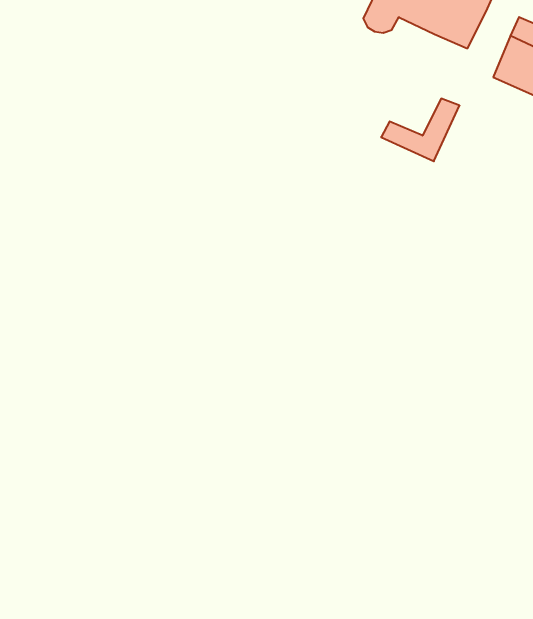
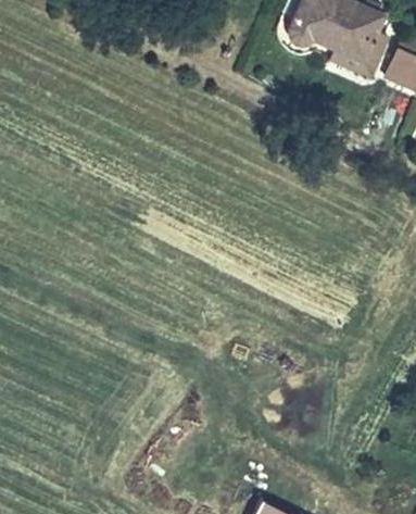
building: [381,99,460,161] -> [328,30,388,78]

